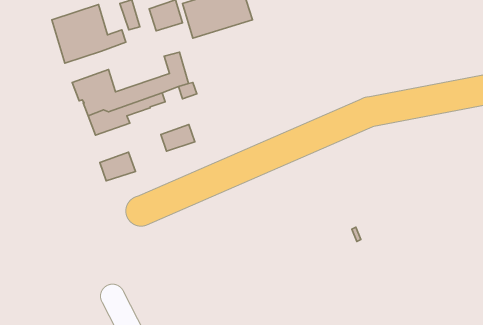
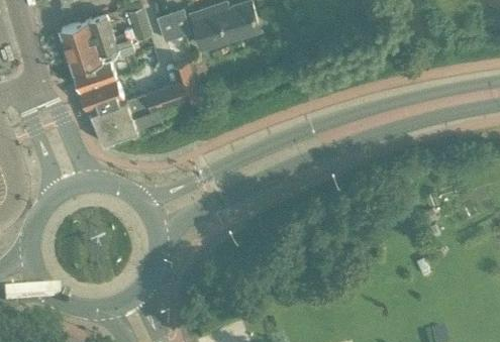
building: none -> [73,56,116,88]
building: [161,124,195,151] -> none
building: [100,152,135,181] -> none

